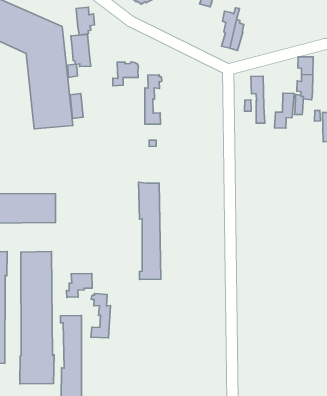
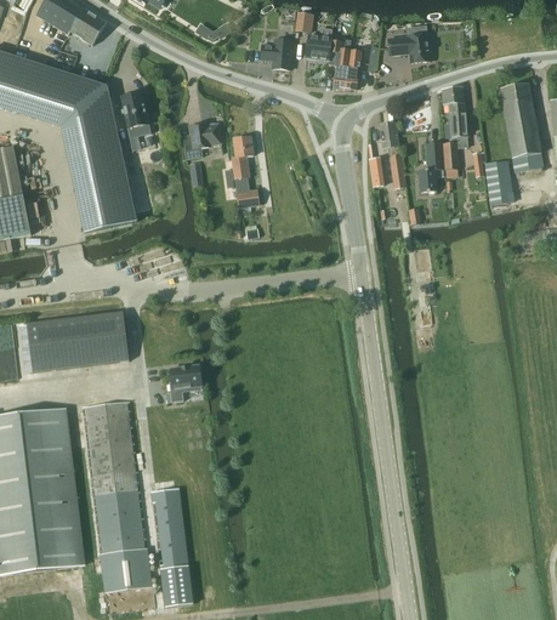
building: [76,7,95,35] -> none
building: none -> [305,34,331,59]
building: none -> [261,39,292,69]
building: none -> [387,34,431,63]
building: [139,182,161,279] -> none
building: [67,273,92,297] -> [166,364,201,402]
building: [91,294,110,338] -> none

